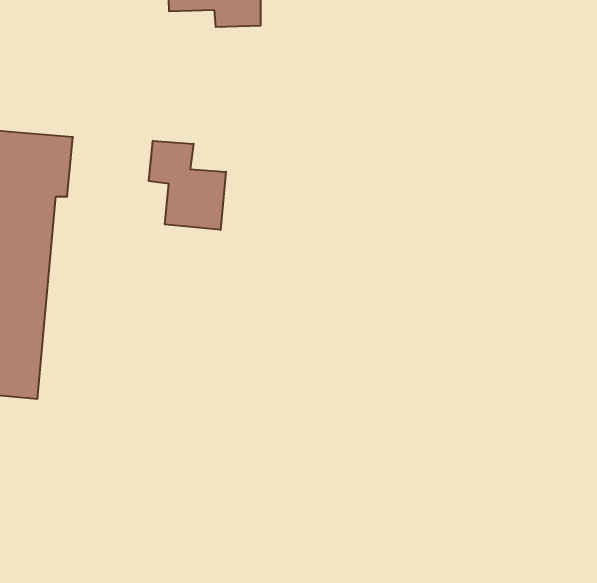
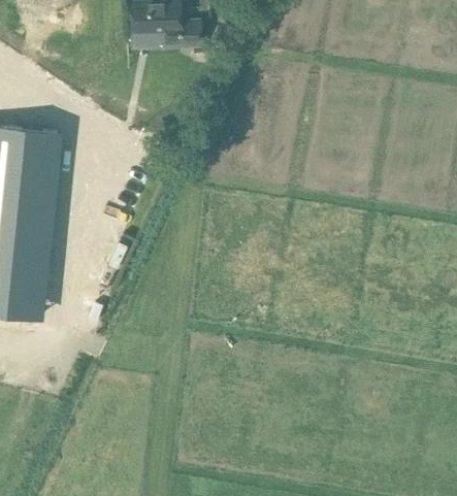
building: [149,141,226,230] -> none

